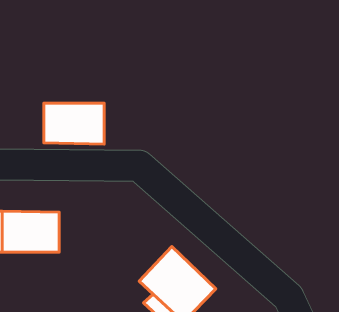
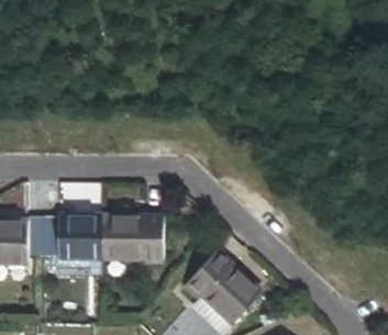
building: [44,103,104,144] -> [100,217,162,259]

